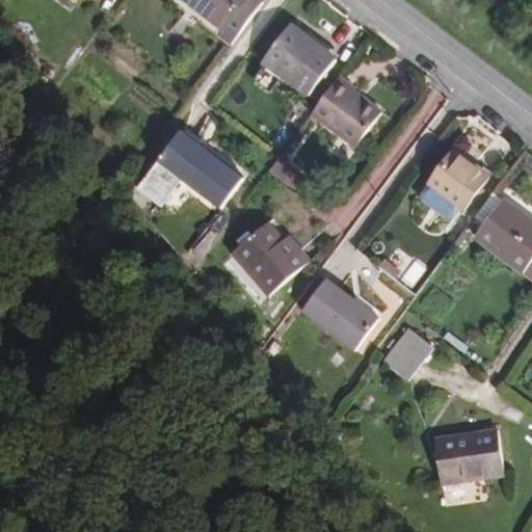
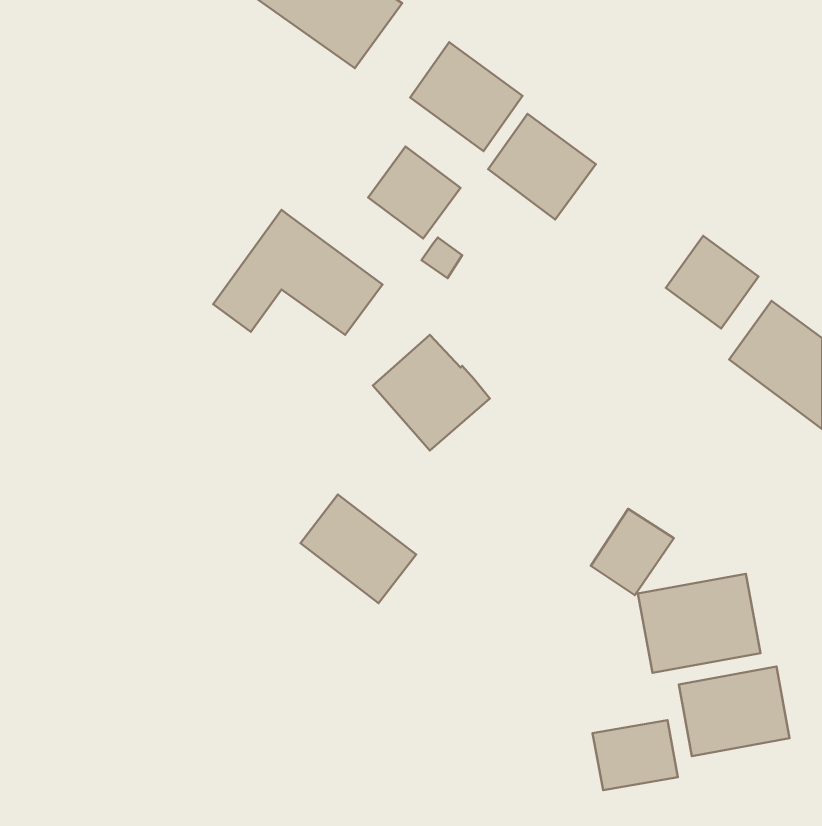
building: none -> [368,147,461,239]
building: [307,280,380,349] -> [301,494,416,603]
building: none -> [638,574,760,673]
building: none -> [593,720,678,790]

